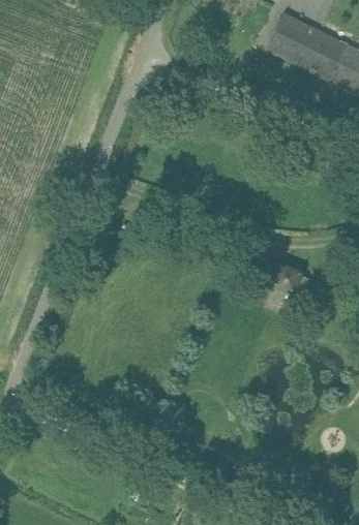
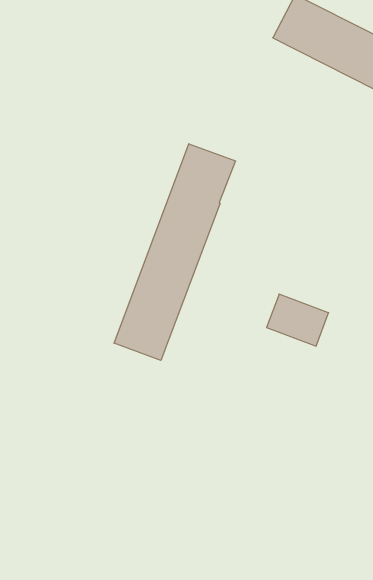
building: none -> [114,144,236,360]

